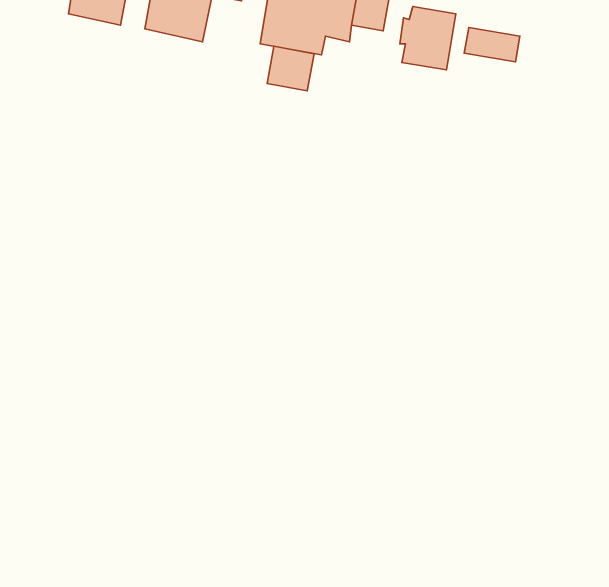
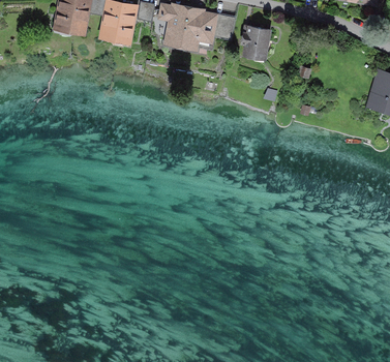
building: [464,27,520,62] -> none
building: [267,46,314,91] -> none

